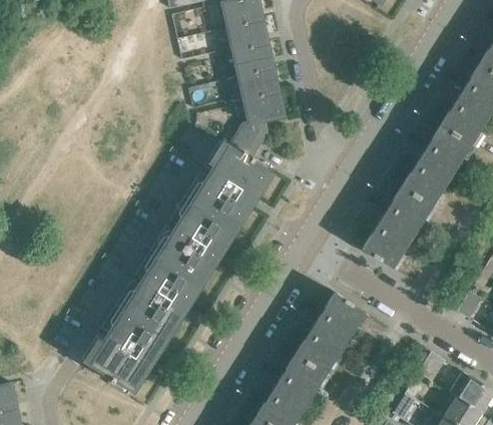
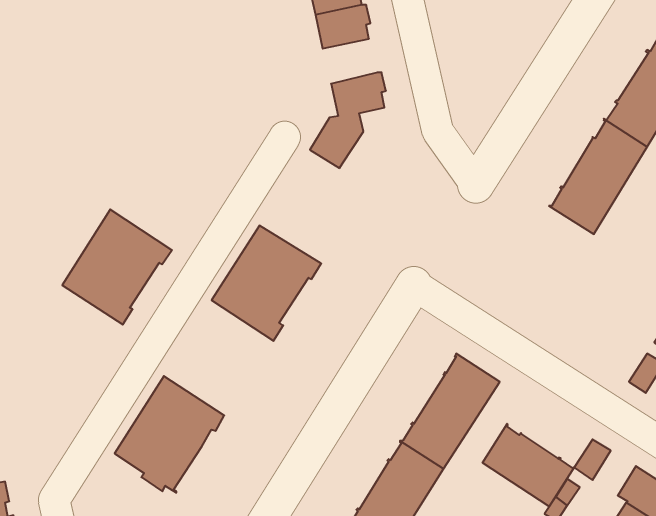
building: [237,66,278,99] -> none
building: [192,145,271,228] -> none
building: [360,186,431,269] -> none
building: [124,254,202,336] -> [62,209,172,325]
building: none -> [483,424,574,506]

